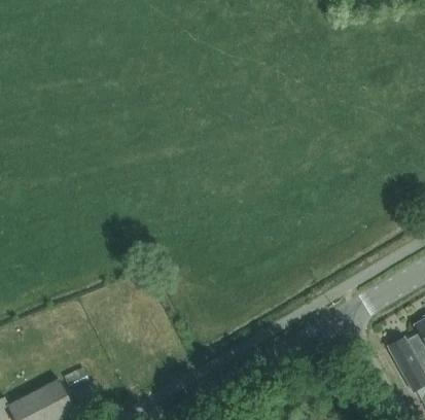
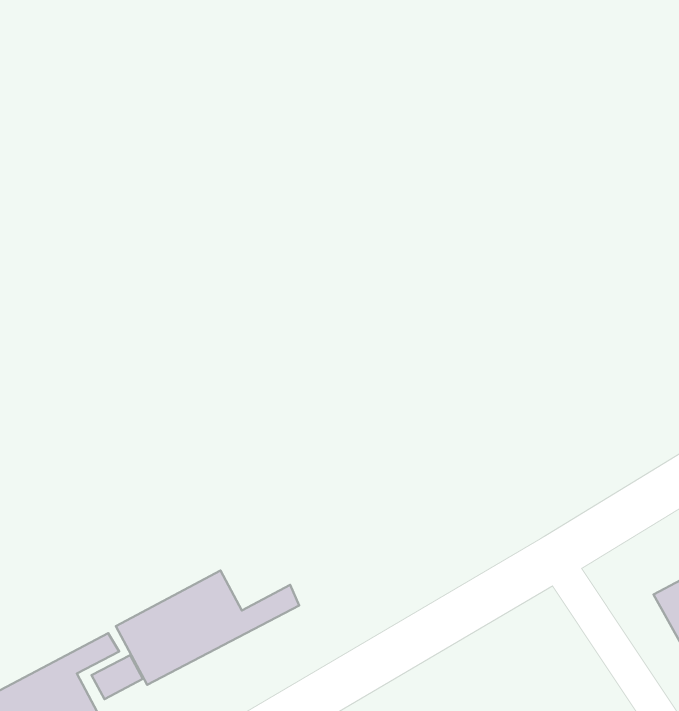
building: none -> [116,570,299,685]

